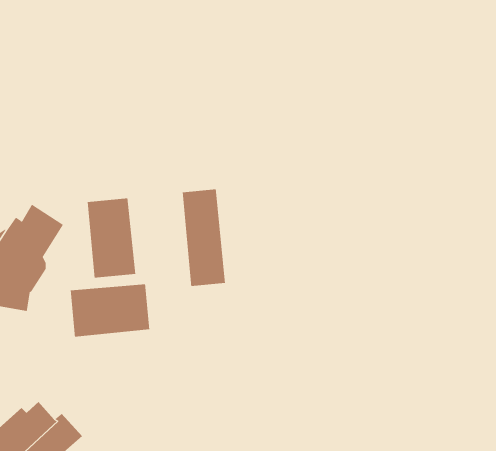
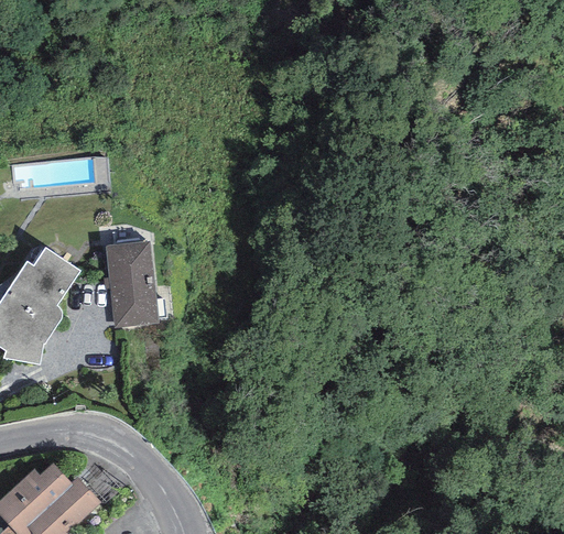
building: [182,189,225,287] -> none
building: [70,284,150,337] -> none

